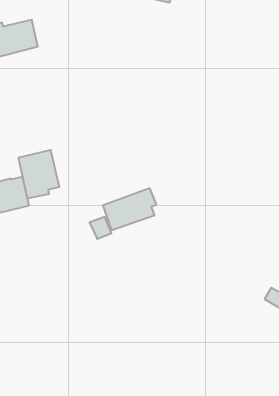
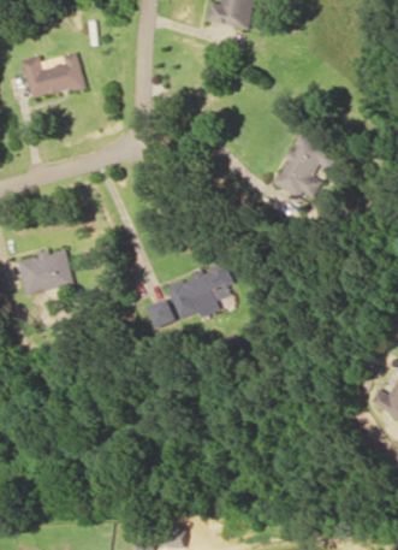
building: none -> [273,134,334,202]
building: [18,150,59,198] -> none

